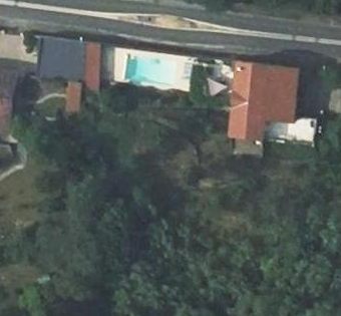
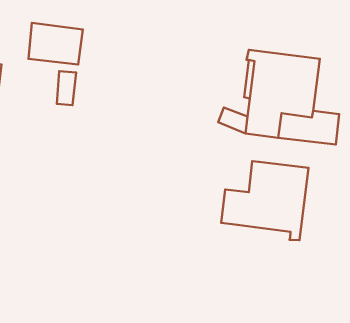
building: none -> [221,161,309,240]

